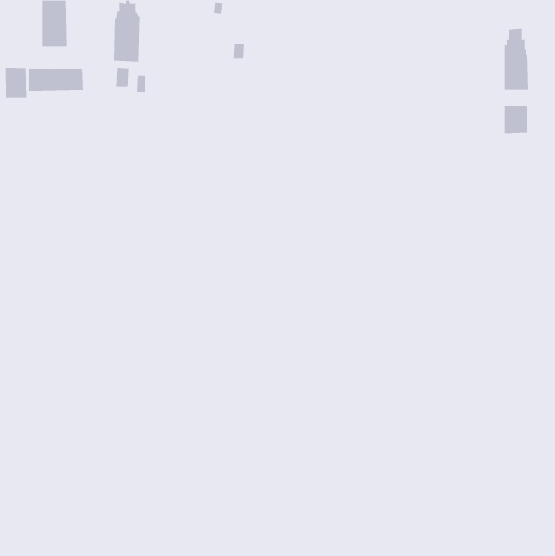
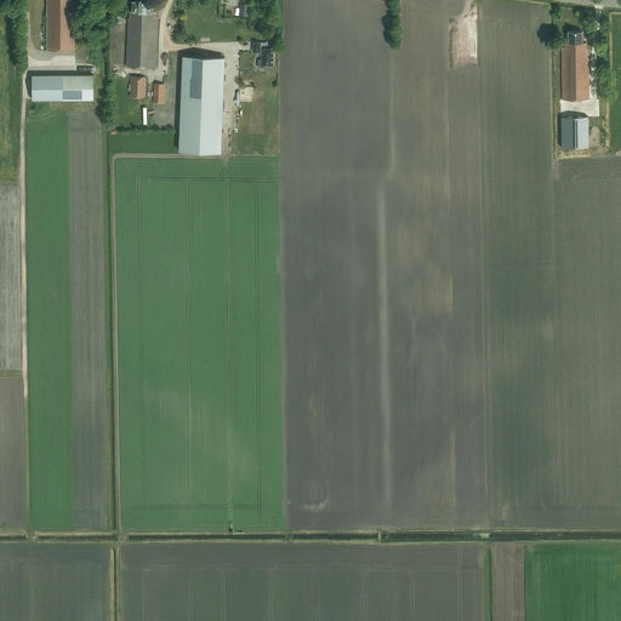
building: none -> [177,56,223,152]
building: [5,67,27,99] -> none

